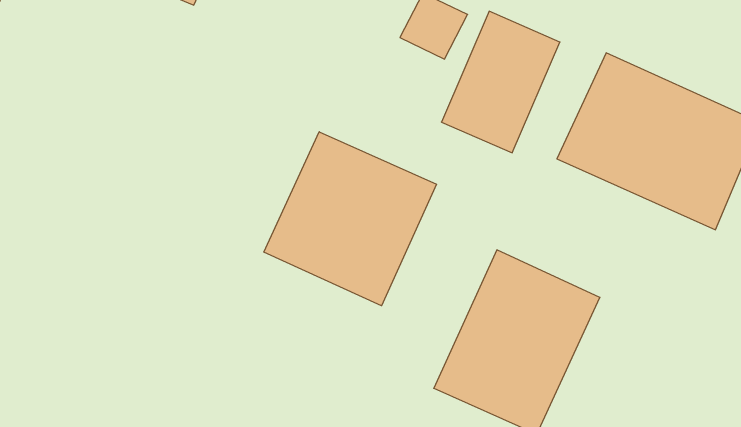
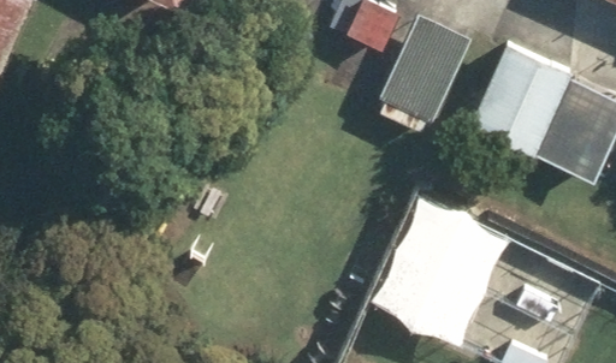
building: [264,132,436,306] -> none

